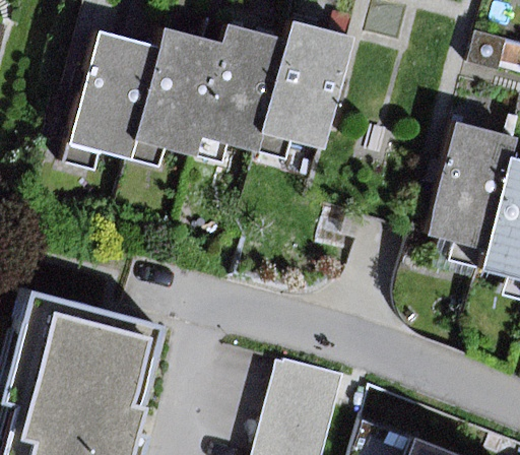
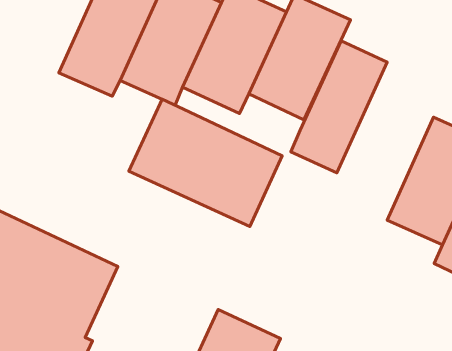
building: none -> [291,41,387,173]
building: none -> [129,99,282,227]

